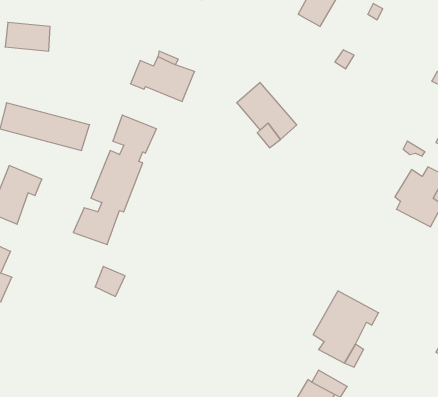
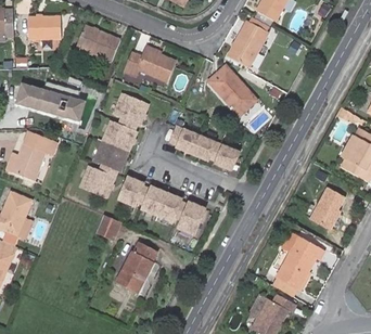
building: none -> [230,17,269,67]
building: none -> [79,23,124,61]
building: none -> [168,127,236,169]
building: none -> [120,176,206,231]
building: none -> [307,189,342,231]
building: none -> [114,239,157,293]

